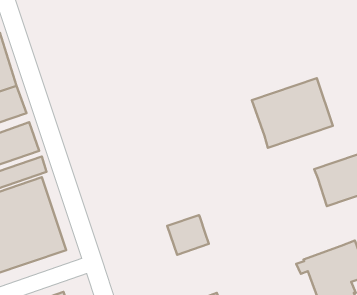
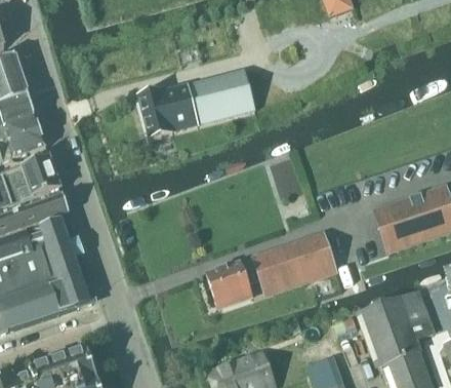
building: none -> [142,69,255,157]
building: [252,78,333,148] -> none
building: none -> [243,232,336,295]

